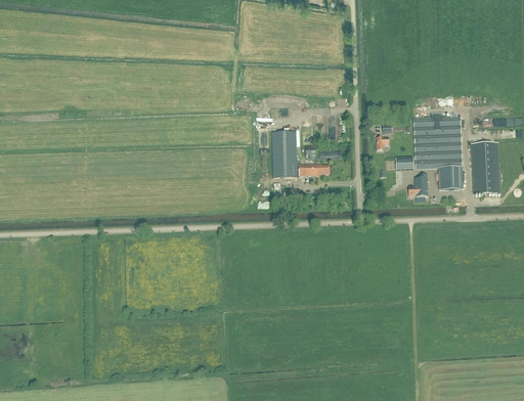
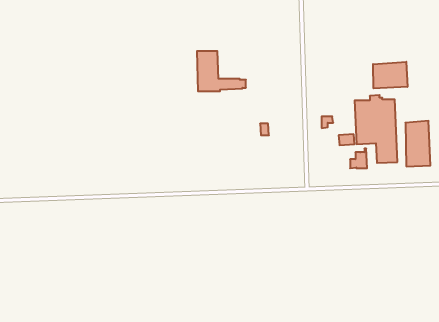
building: none -> [373,62,407,88]
building: [272,131,329,177] -> [197,51,246,91]

